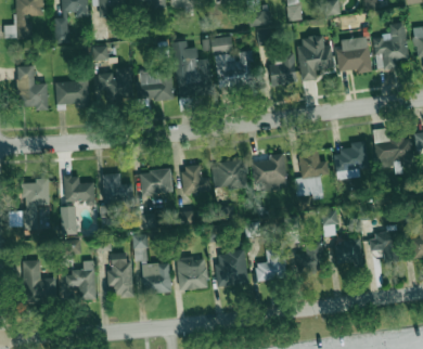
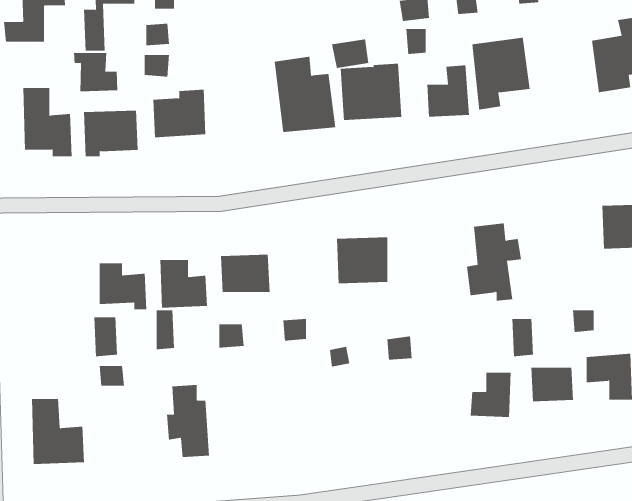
building: [336,36,370,72] -> none
building: none -> [74,52,118,92]
building: [138,70,171,100] -> none
building: [333,140,369,179] -> none
building: [253,153,286,189] -> none
building: [181,165,209,193] -> none
building: [8,178,49,229] -> none
building: [132,234,170,293] -> none
building: [256,248,285,280] -> none
building: [216,250,246,285] -> none
building: [177,258,207,289] -> none
building: [64,260,95,299] -> none

